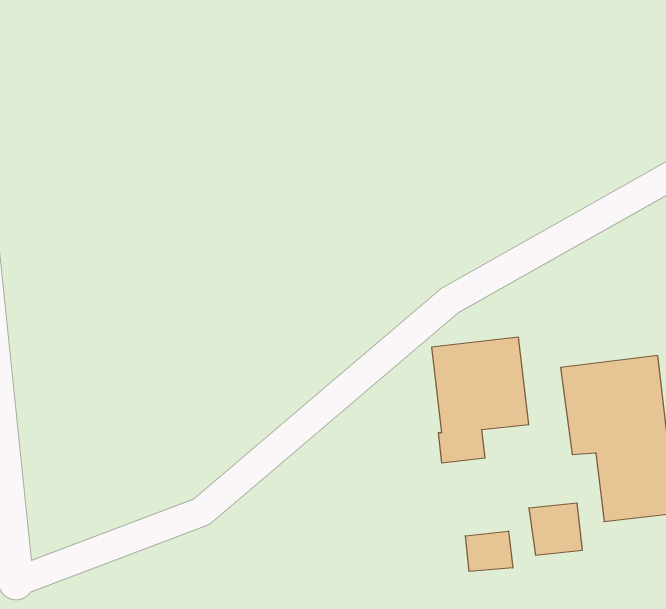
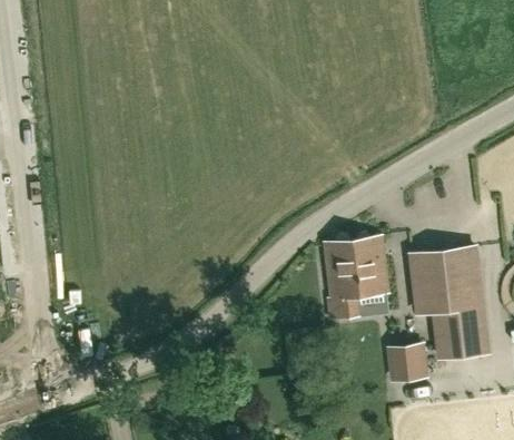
building: [465,531,513,571] -> none

